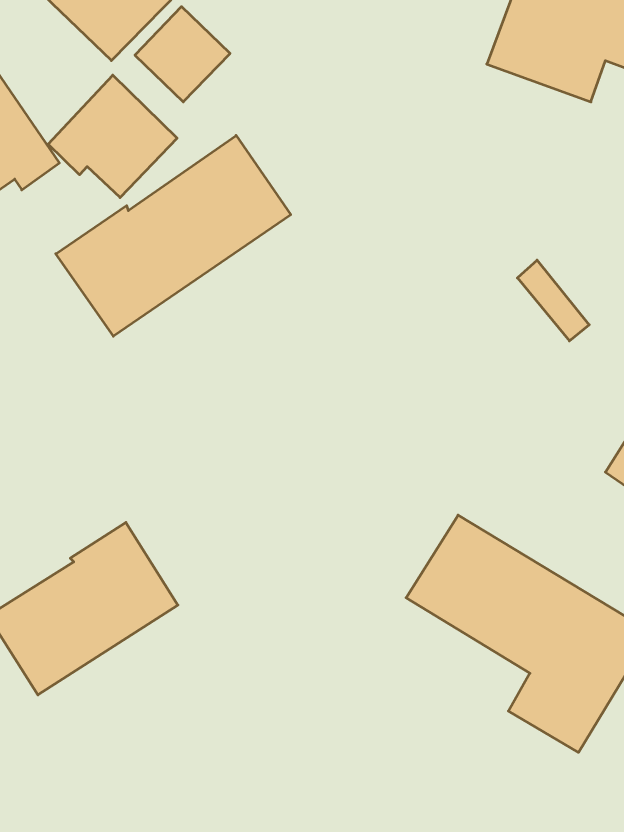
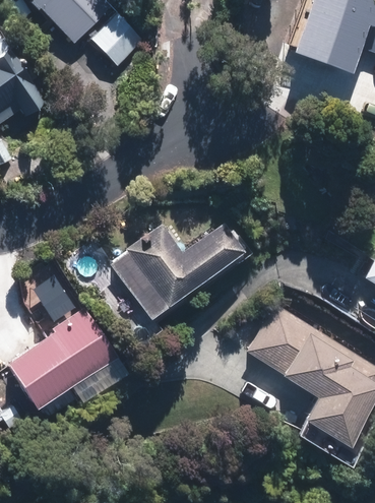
building: [48,75,177,198] -> none
building: [56,135,291,336] -> none
building: none -> [126,224,243,304]

